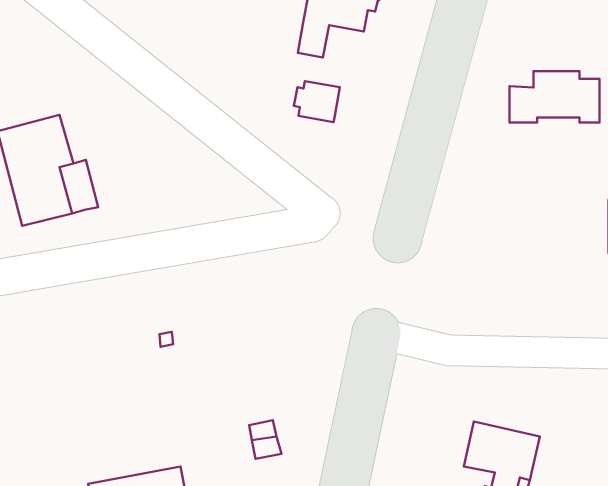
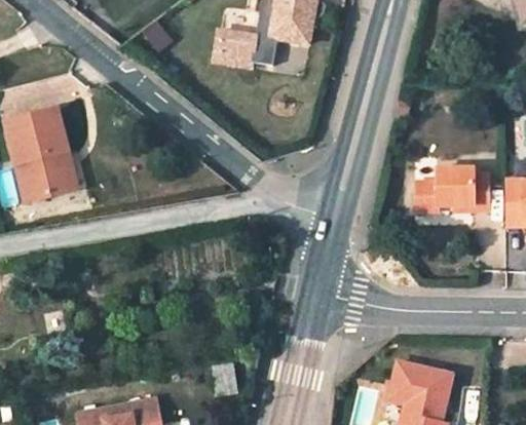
building: [510,71,599,122] -> [416,167,490,209]
building: [294,81,340,122] -> [217,31,255,65]

